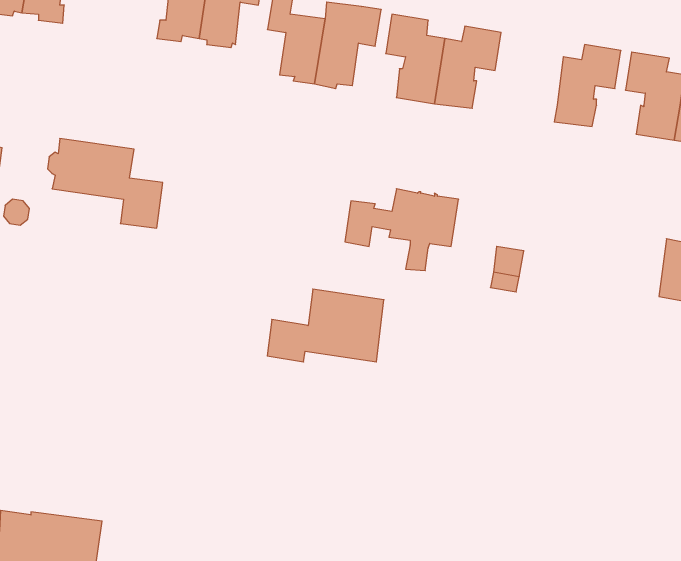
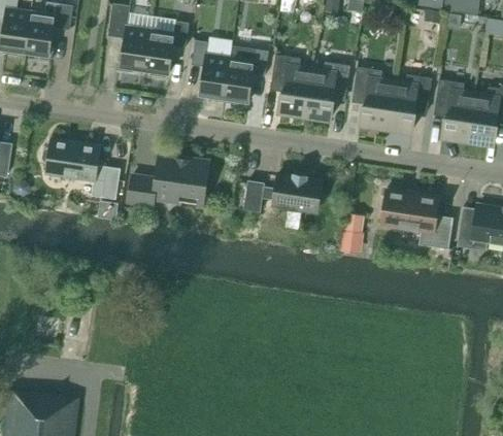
building: none -> [353,66,392,127]
building: none -> [379,189,452,248]
building: [267,289,384,362] -> [128,155,207,204]

